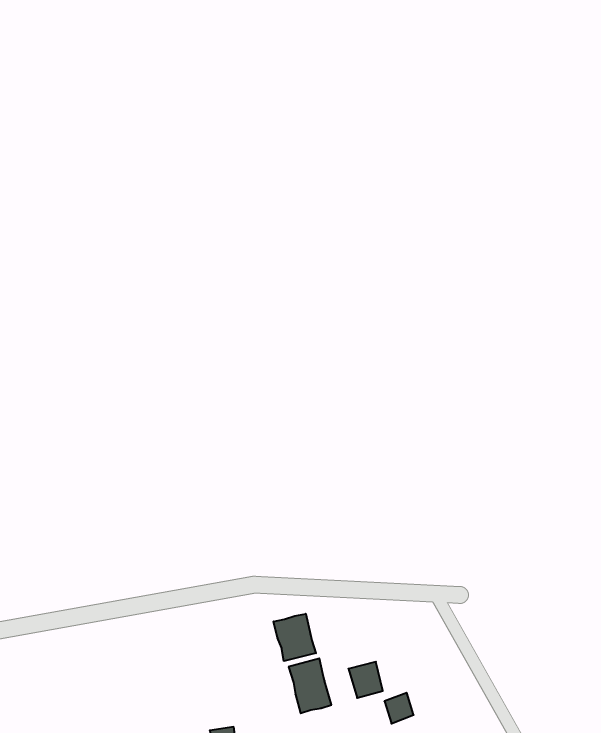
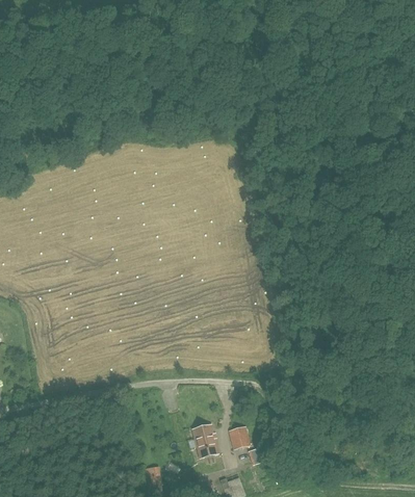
building: [274,614,316,661] -> none

